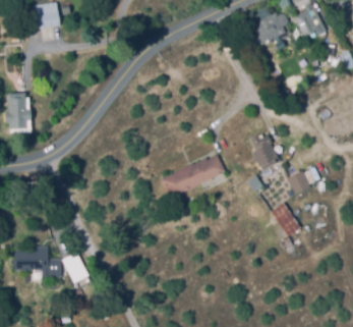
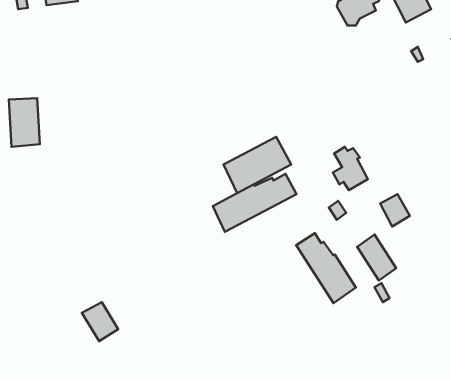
building: none -> [224,137,291,193]
building: none -> [296,233,356,303]
building: [15,247,61,277] -> none

